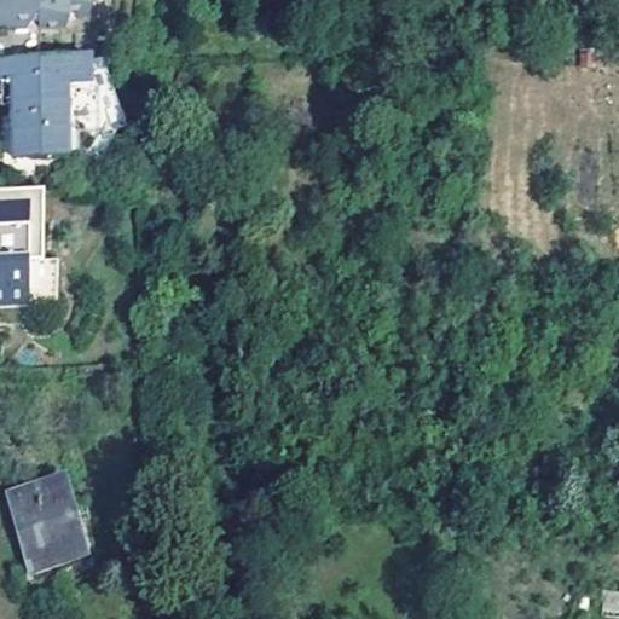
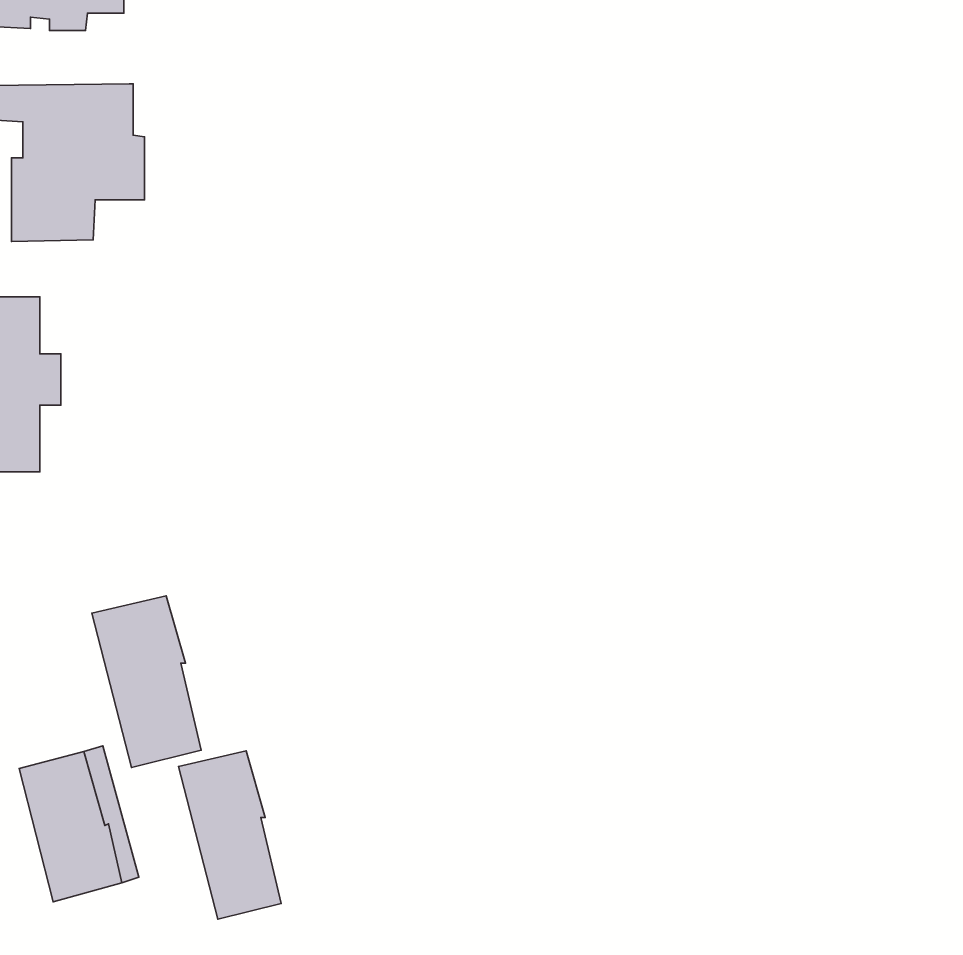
building: none -> [92,596,201,767]
building: none -> [178,751,281,919]

